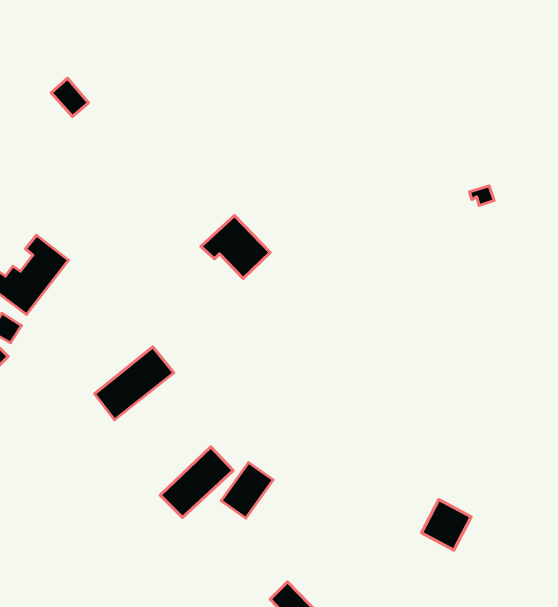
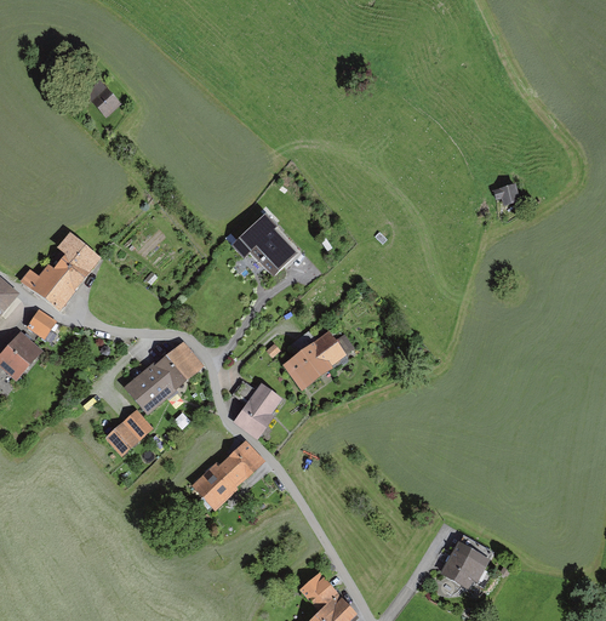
building: none -> [281,327,348,391]
building: none -> [103,410,153,457]
building: [221,463,273,518] -> [234,382,285,437]
building: [422,499,471,550] -> [442,540,491,589]

